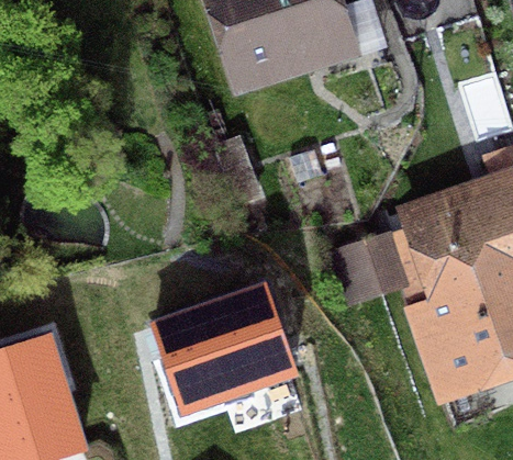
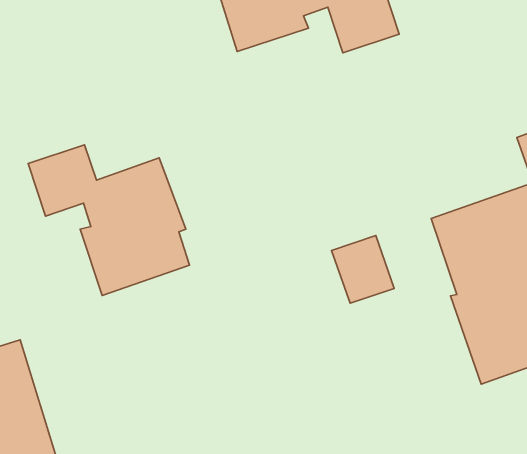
building: none -> [28,145,190,295]
building: [153,288,293,409] -> none

